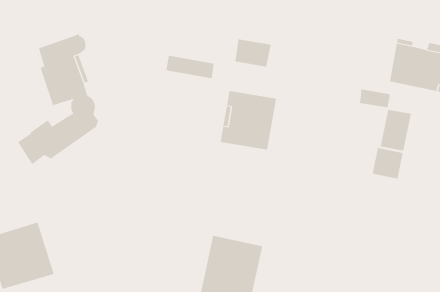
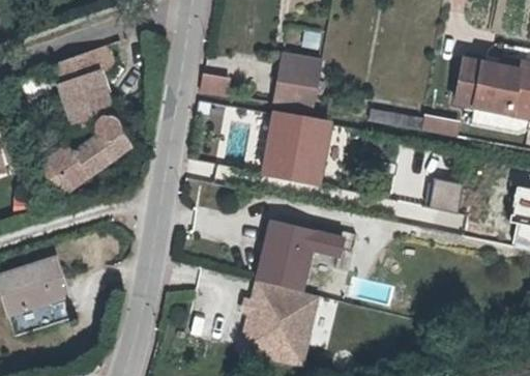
building: none -> [274,79,316,108]
building: [380,109,411,152] -> none
building: none -> [257,218,342,285]

